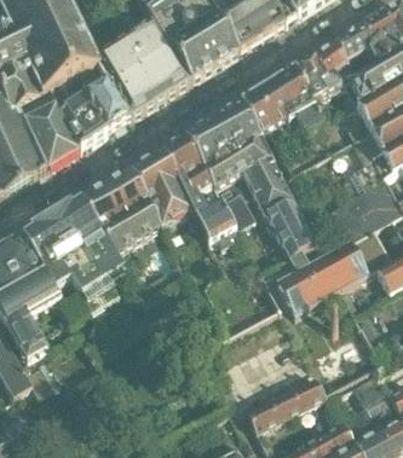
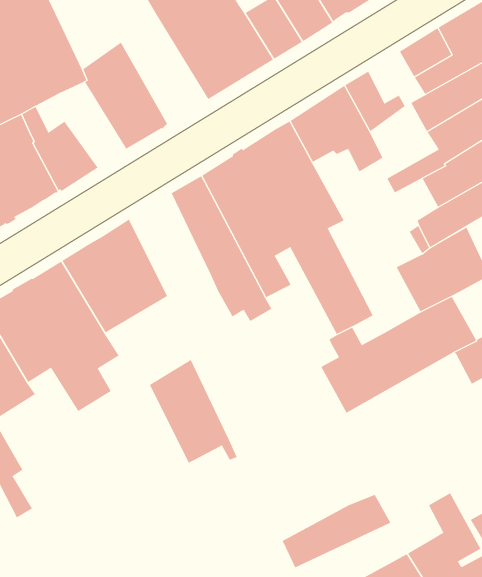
building: [125,16,190,97] -> none
building: [311,42,353,83] -> none
building: [79,65,129,131] -> none
building: [131,149,197,227] -> [149,359,238,464]

